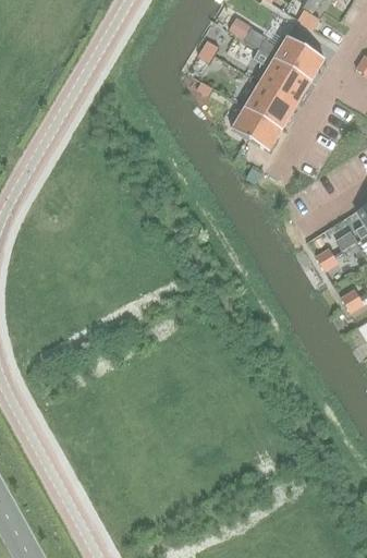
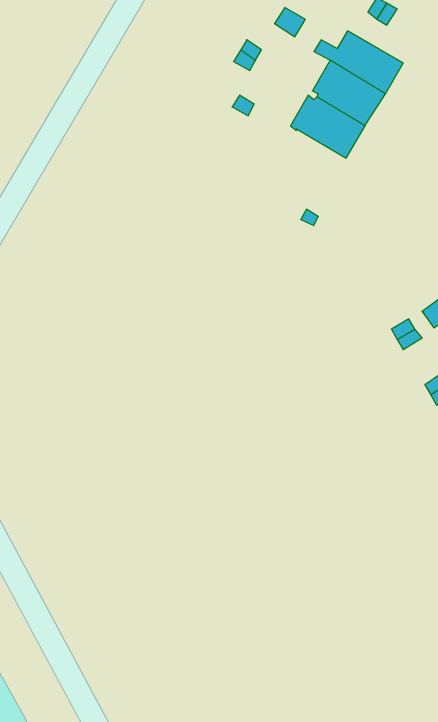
building: [232,106,282,150] -> none

